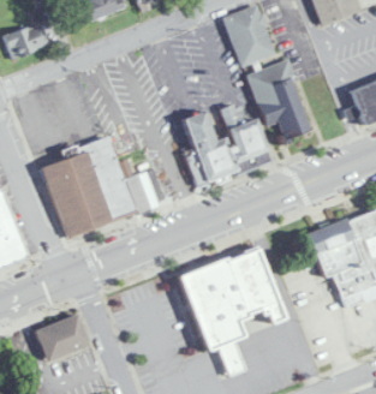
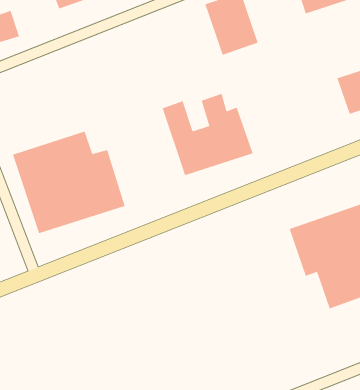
building: [246,59,311,138] -> none
building: [180,245,281,378] -> none
building: [34,312,89,362] -> none

